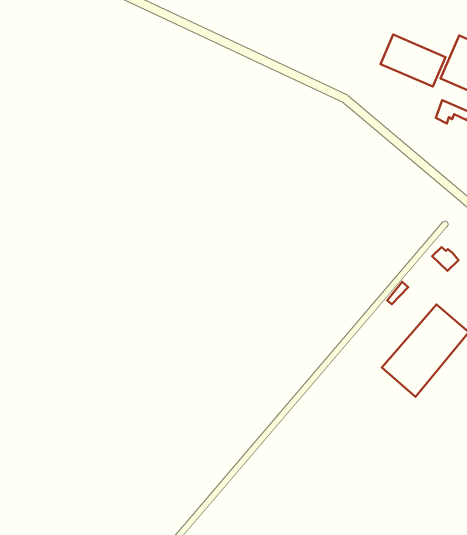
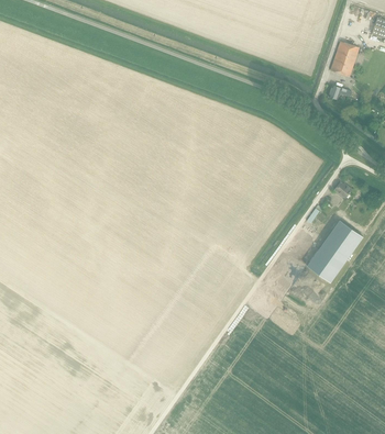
building: [380,35,446,87] -> none

